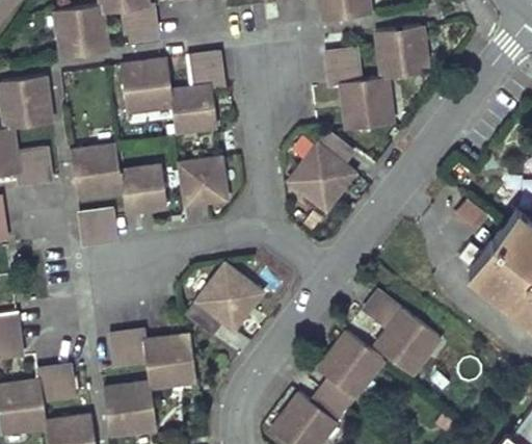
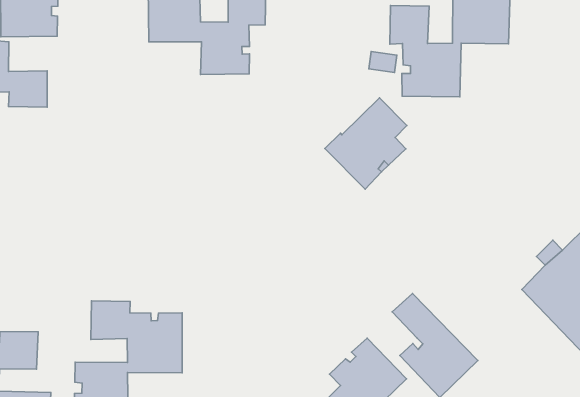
building: [72,145,166,212] -> none
building: [181,156,228,201] -> none
building: [81,209,116,243] -> none
building: [188,262,264,332] -> none

